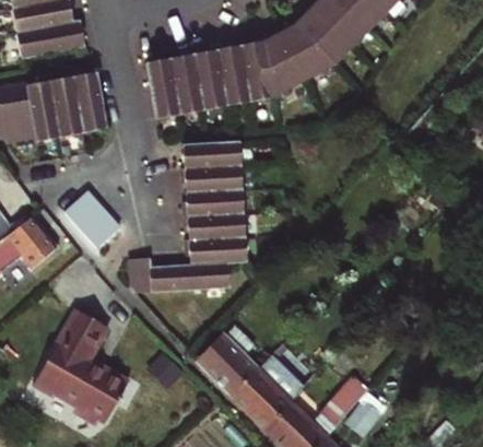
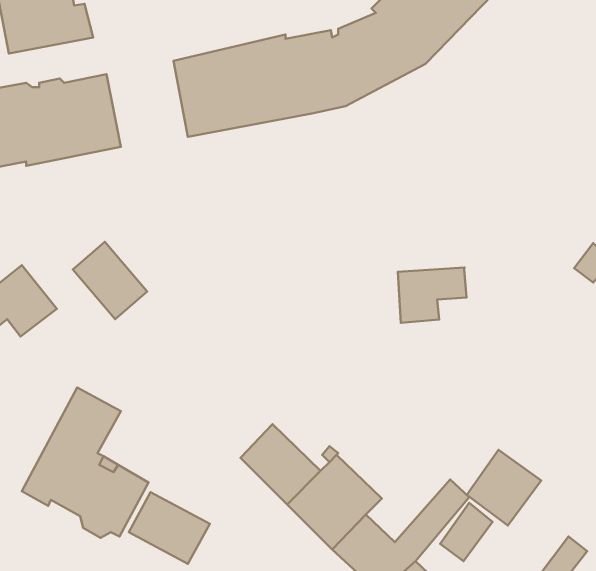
building: [128,141,247,293] -> none
building: none -> [398,267,467,323]
building: none -> [467,450,541,526]
building: none -> [129,492,210,564]

